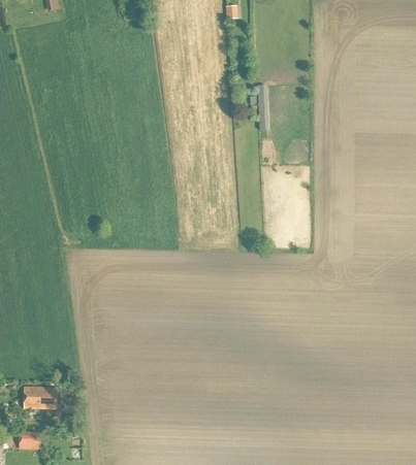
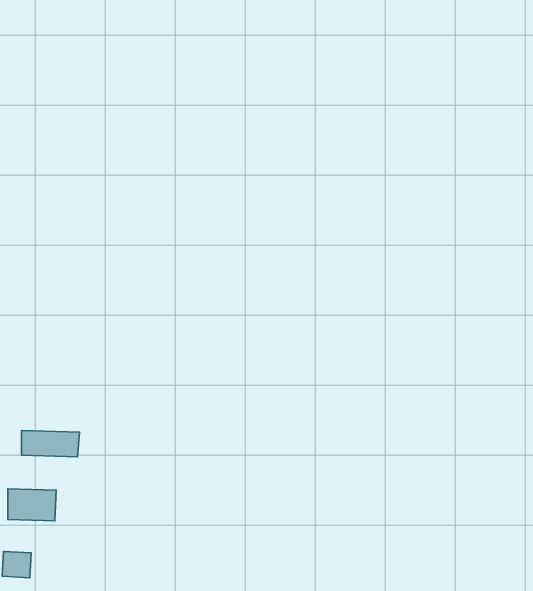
building: none -> [21,430,79,457]

